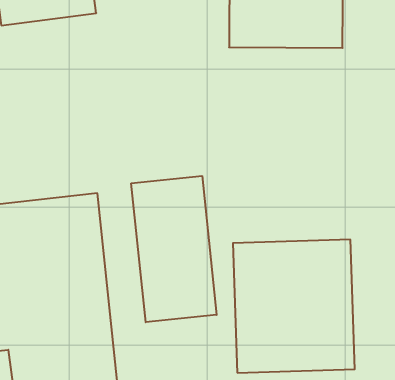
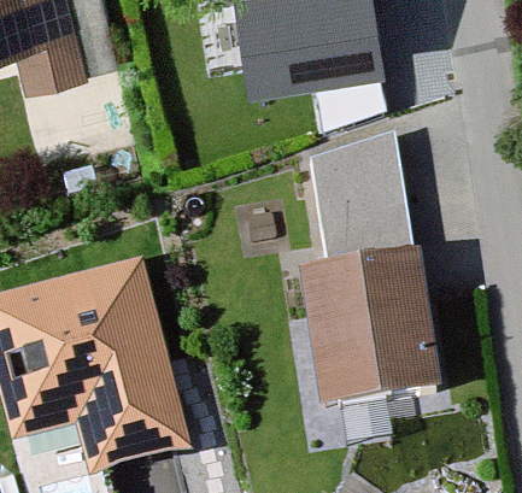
building: none -> [306,143,410,264]
building: [131,176,217,322] -> none

